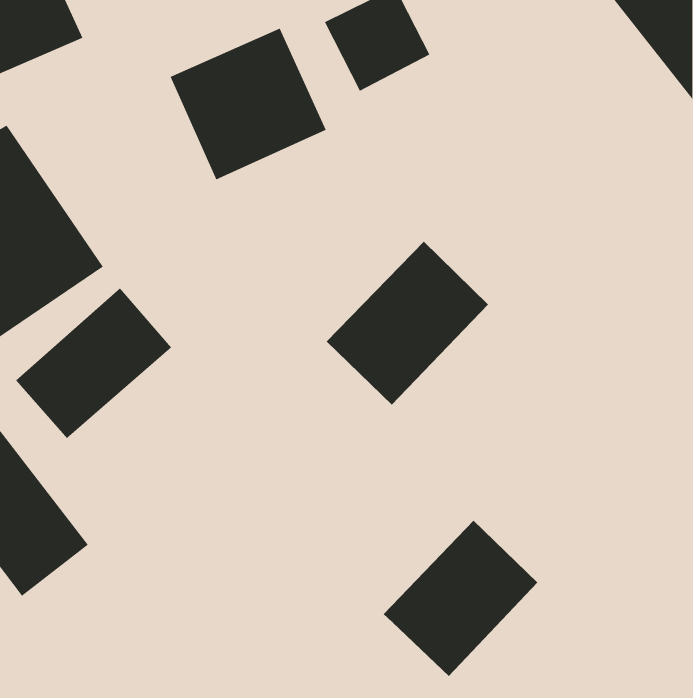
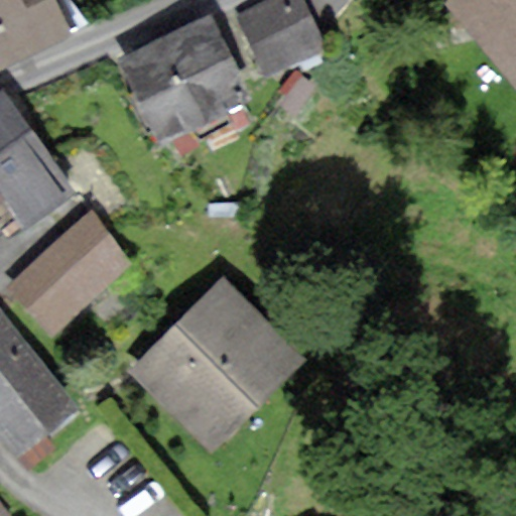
building: [326,241,489,405] -> none
building: none -> [135,281,292,438]
building: [383,520,538,677] -> none

